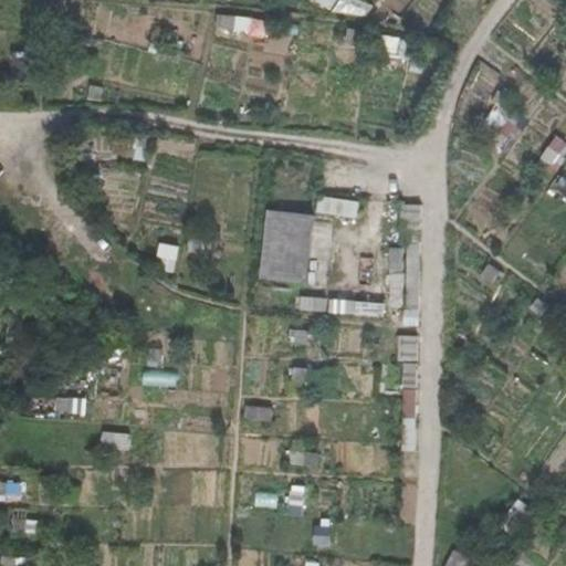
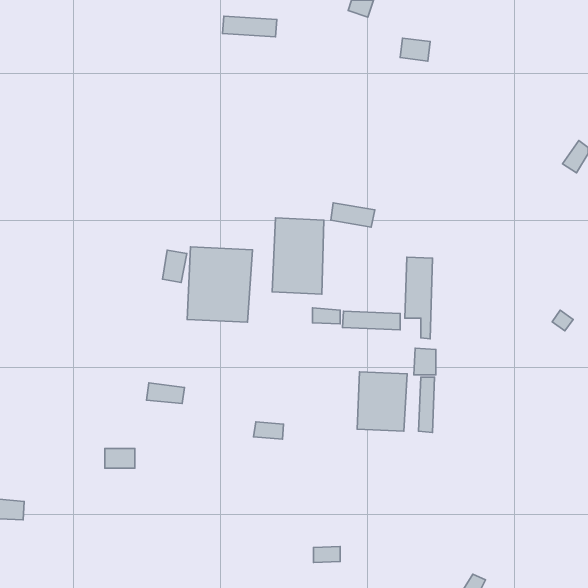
building: none -> [187,247,252,322]
building: none -> [357,372,407,431]

